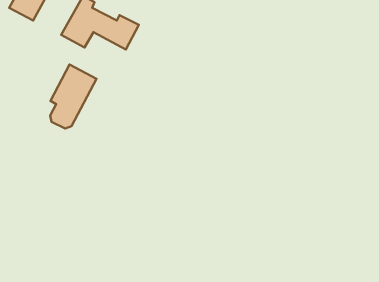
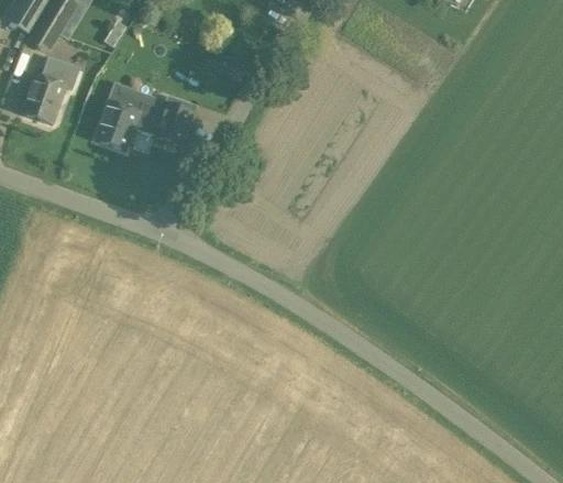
building: [50,65,96,128] -> none

